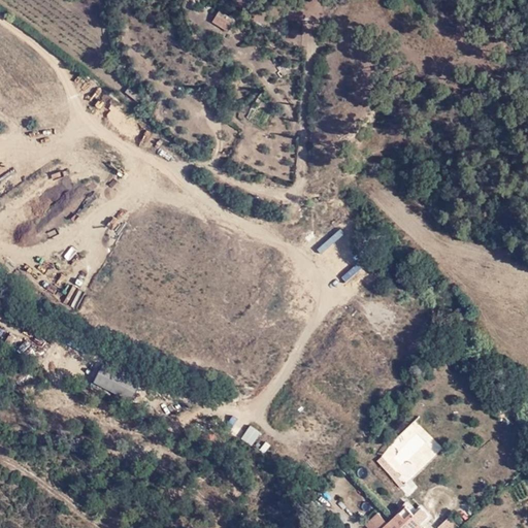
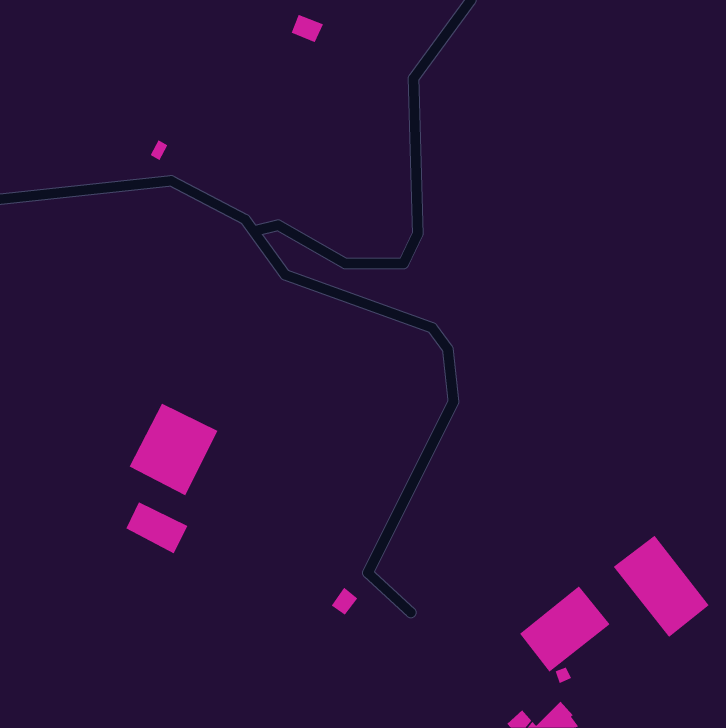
building: none -> [129,403,218,496]
building: none -> [613,535,710,638]

